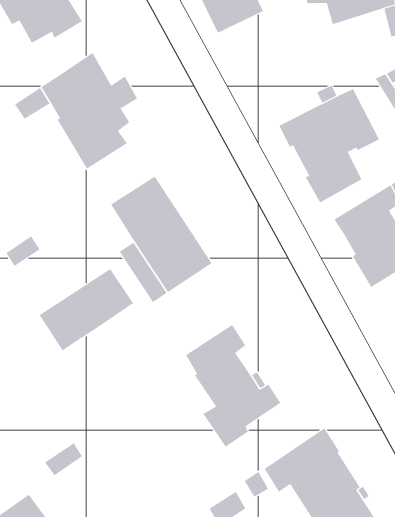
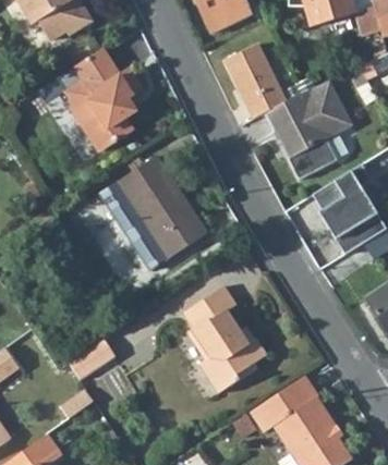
building: none -> [225,42,287,118]
building: [39,268,134,351] -> none
building: none -> [66,339,114,380]

